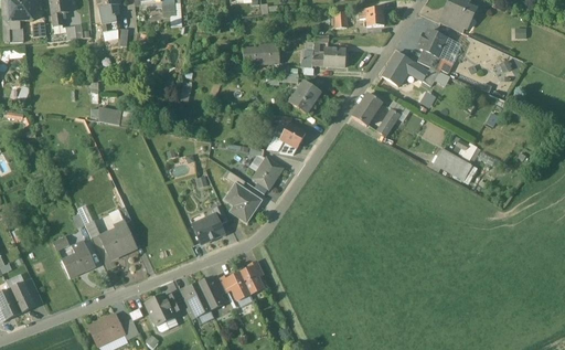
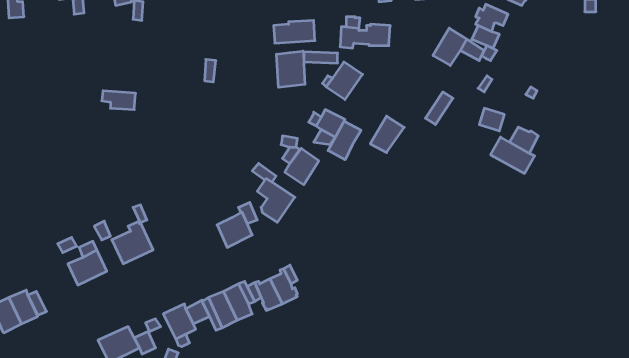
building: none -> [277,51,305,87]
building: [353,92,383,124] -> [370,116,404,153]
building: none -> [328,121,361,160]

